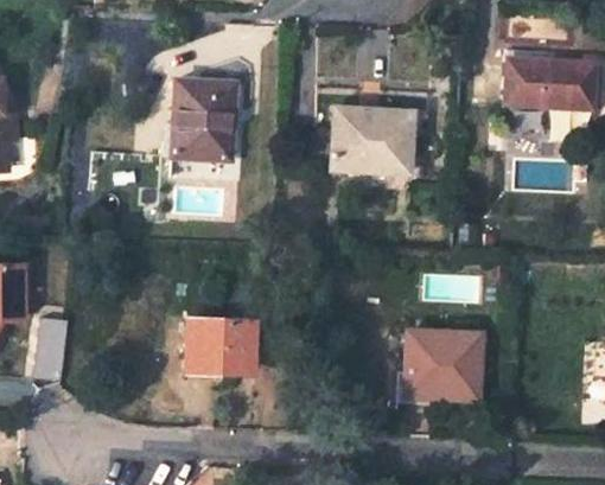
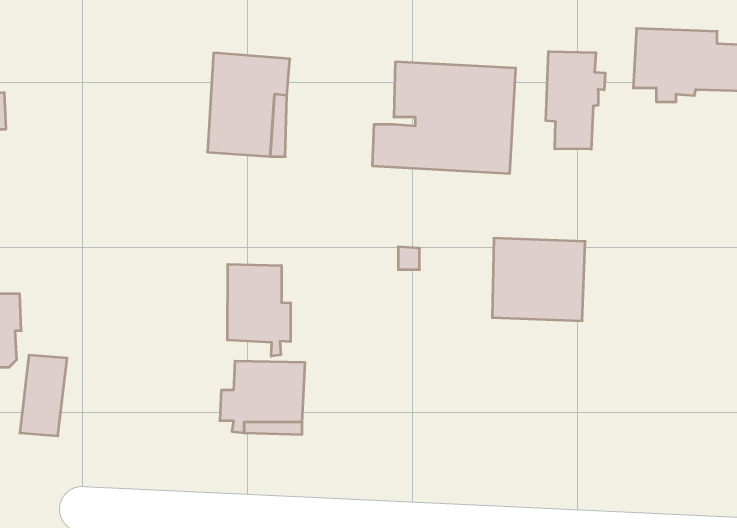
building: none -> [546,51,605,149]
building: none -> [227,264,291,356]
building: [408,332,480,396] -> [492,238,585,321]

